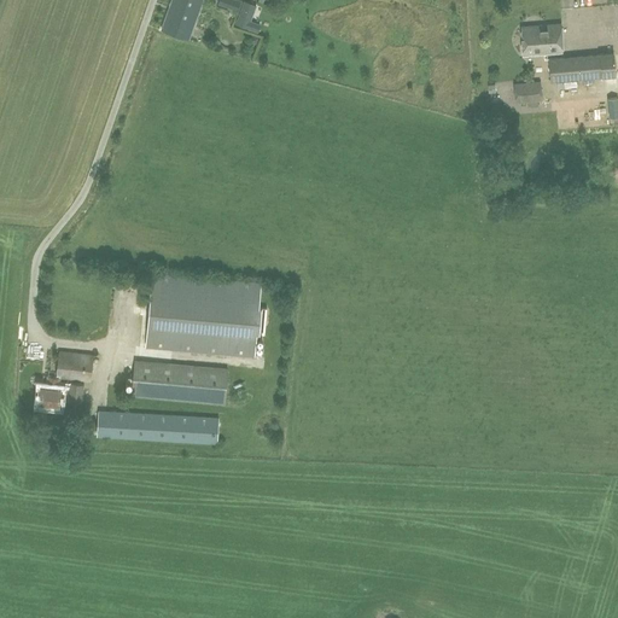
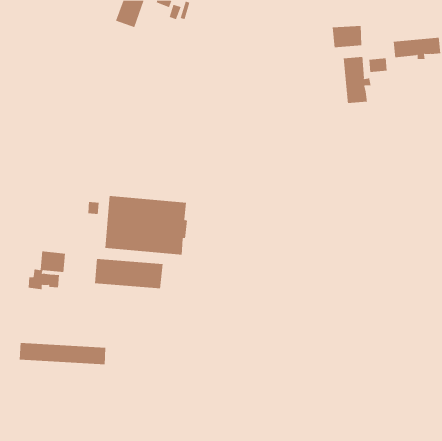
building: [520,24,562,56] -> [332,25,362,48]
building: none -> [343,56,371,104]
building: [97,412,218,443] -> [19,342,106,365]

